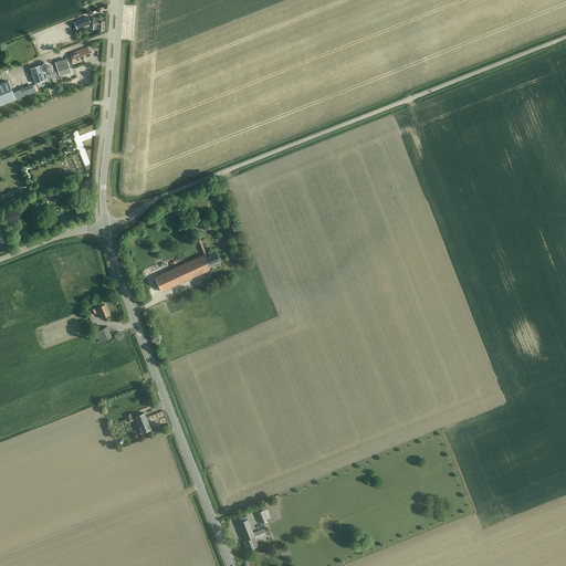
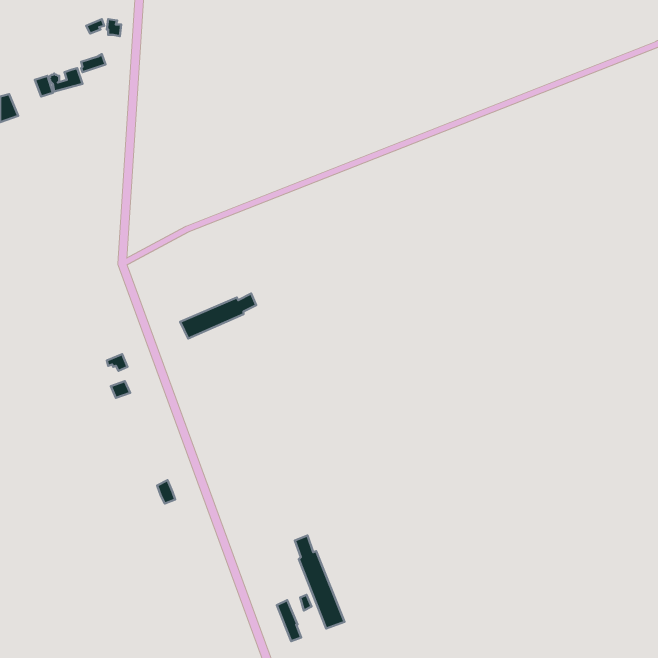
building: none -> [295,536,344,629]

